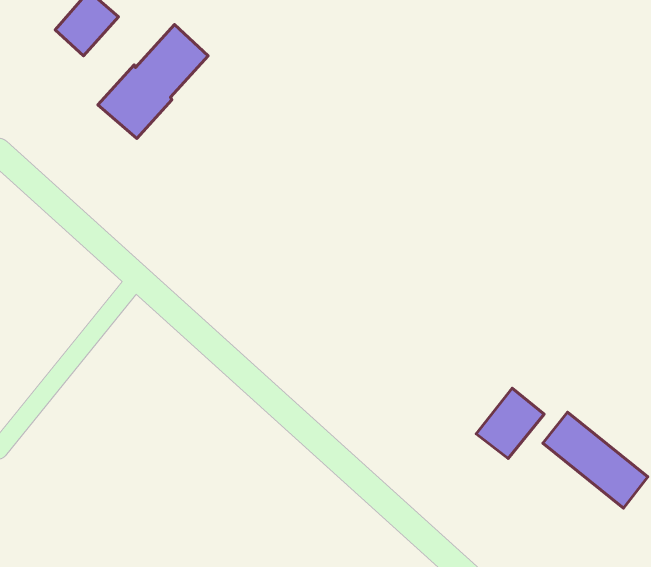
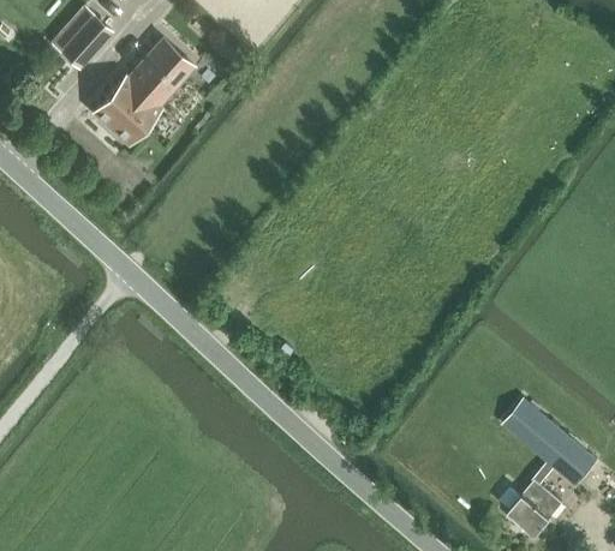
building: [476,388,544,459] -> none
building: none -> [508,481,562,535]

